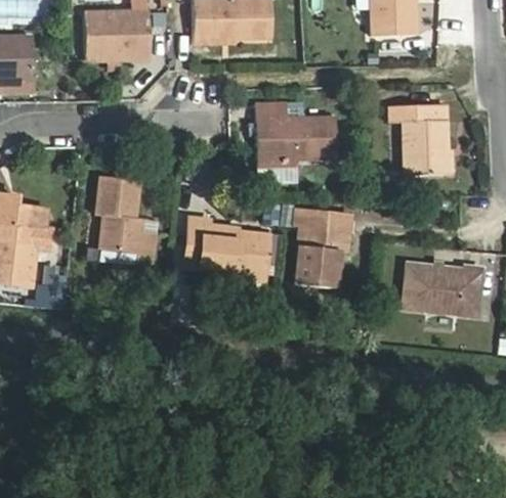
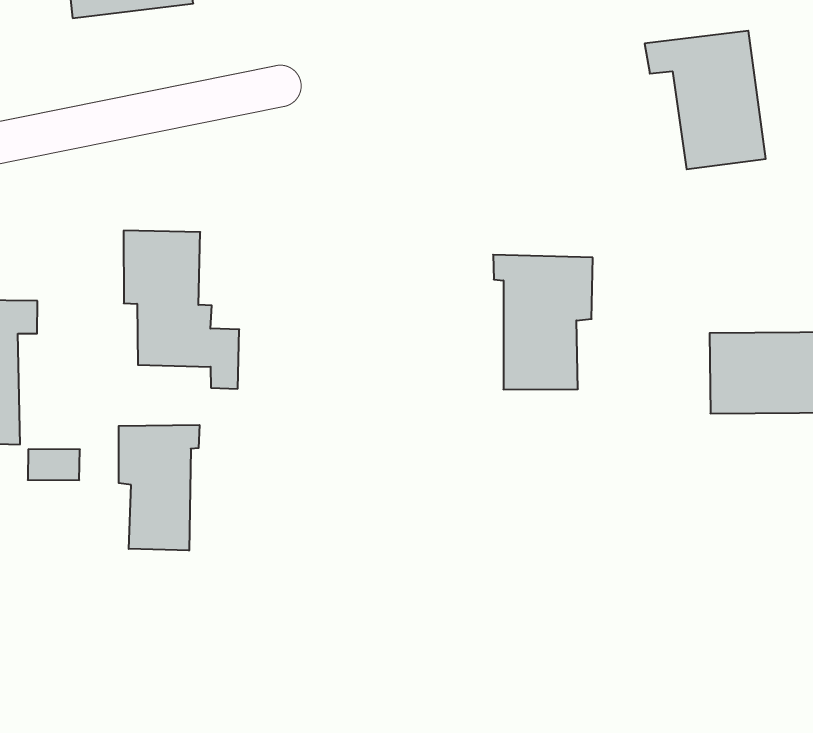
building: [256,102,336,160] -> none
building: [184,219,269,276] -> none
building: none -> [119,425,199,551]

